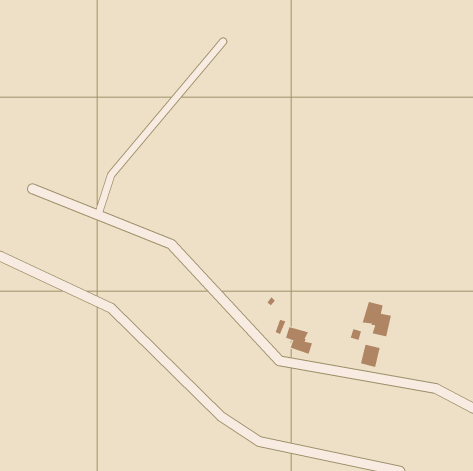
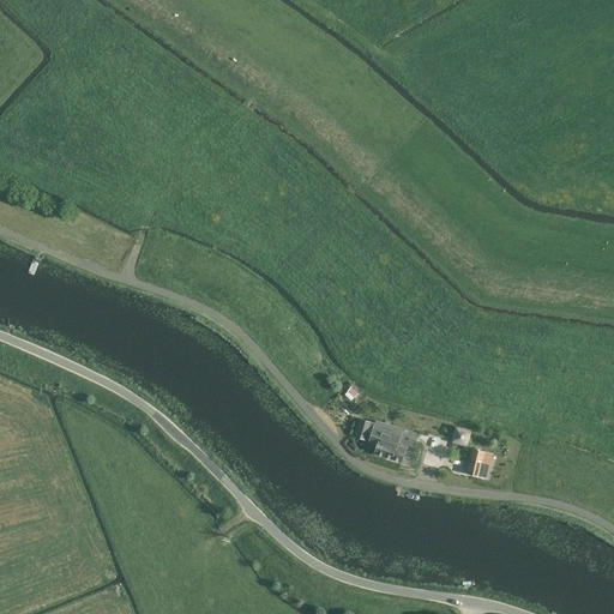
building: [362,301,392,337] -> none

